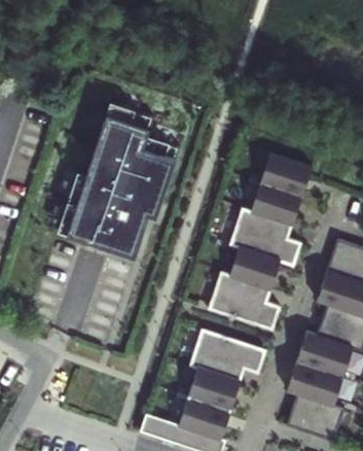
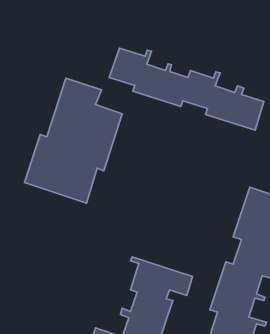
building: none -> [109,48,264,130]
building: [197,152,311,331] -> none

